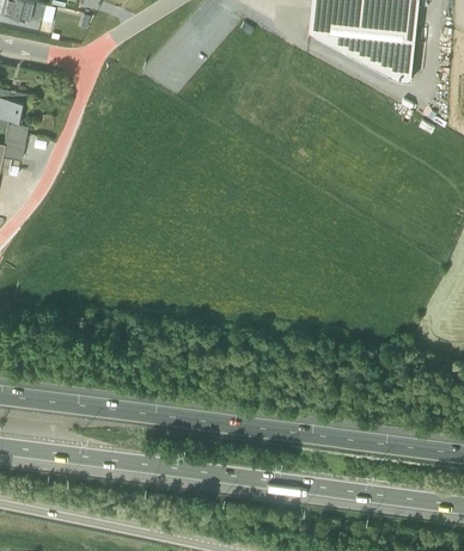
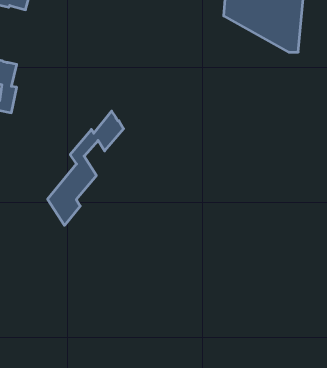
building: none -> [48,111,124,225]

